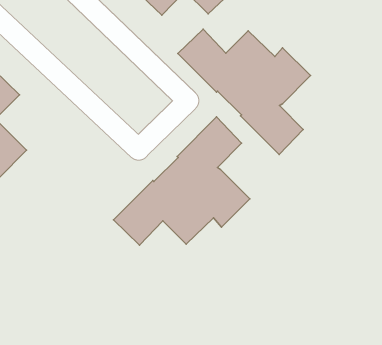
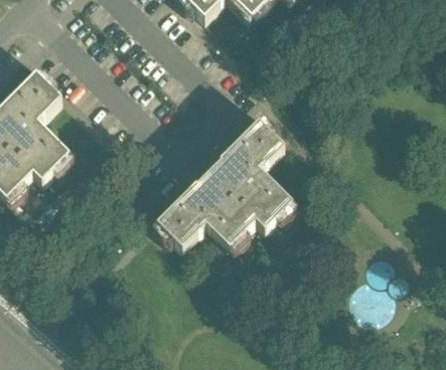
building: [178,29,310,155] -> none

